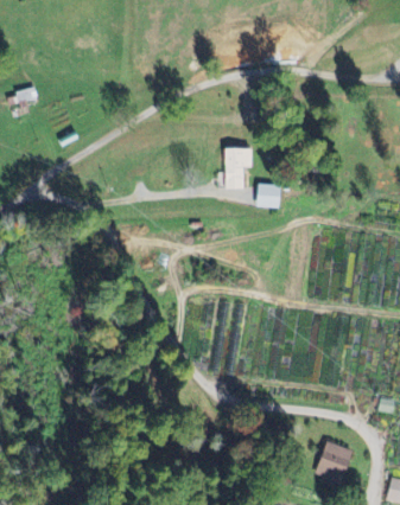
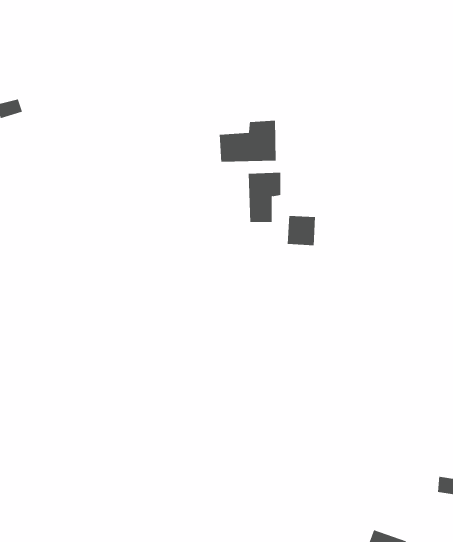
building: none -> [219,120,276,163]

